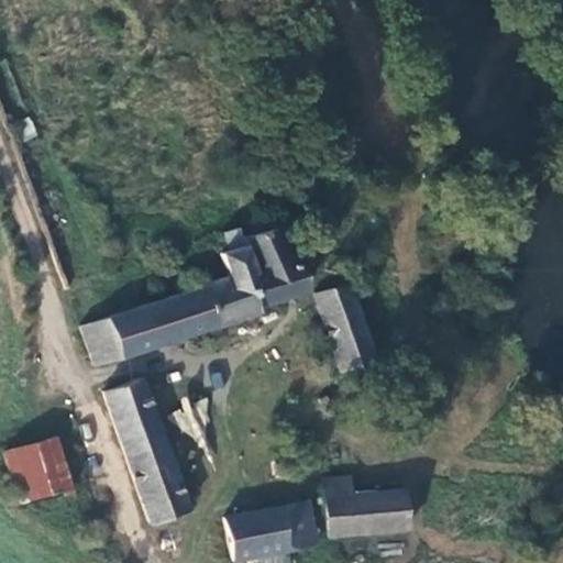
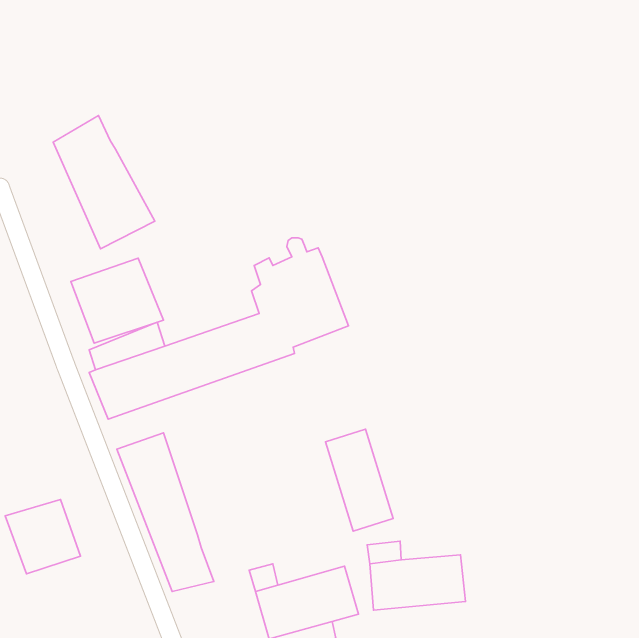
building: none -> [53,115,155,249]
building: none -> [71,258,163,343]
building: [318,282,377,371] -> [325,429,393,531]

